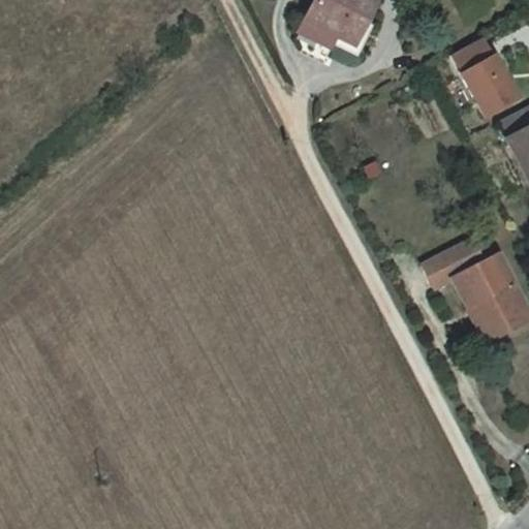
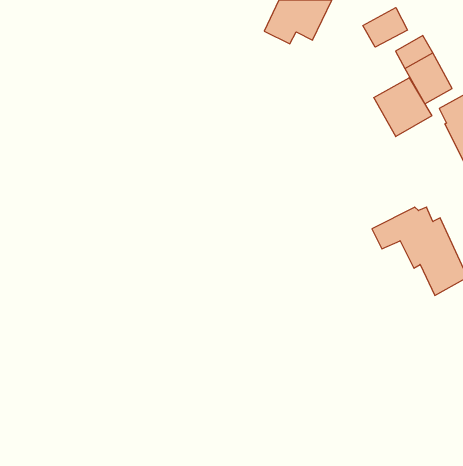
building: none -> [363,8,407,47]
building: none -> [374,78,432,137]

